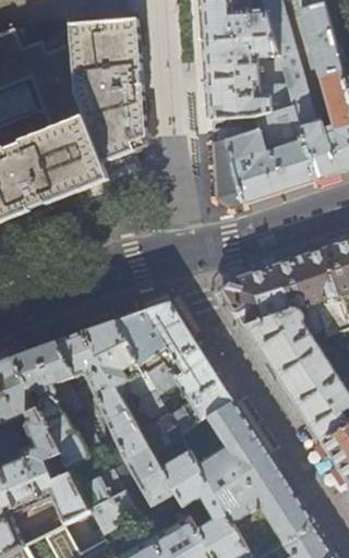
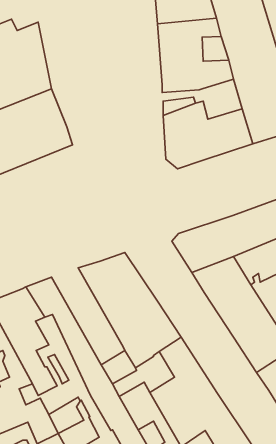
building: [68,19,145,158] -> none
building: [252,104,301,149] -> none
building: [83,319,165,417] -> none

